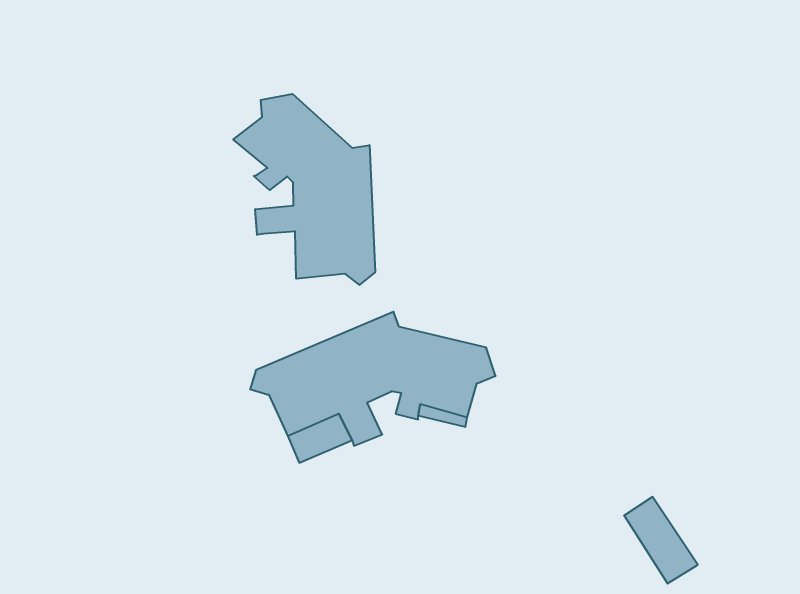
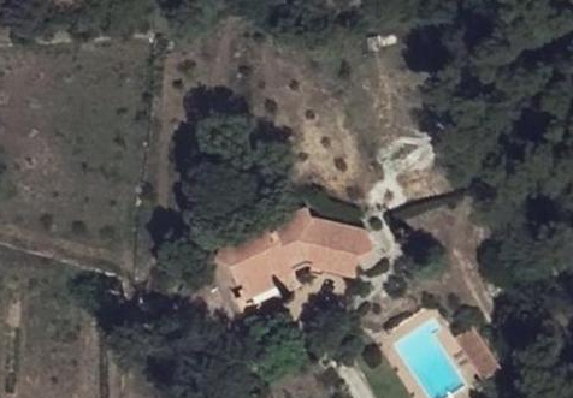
building: [233,94,375,285] -> none

